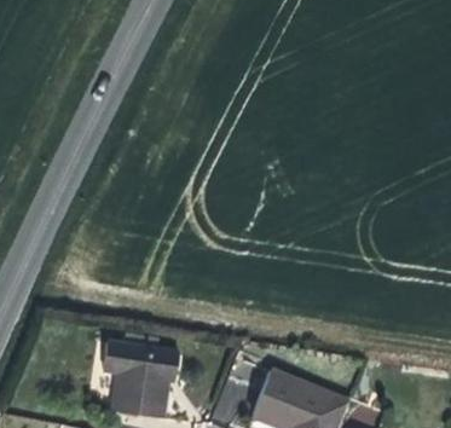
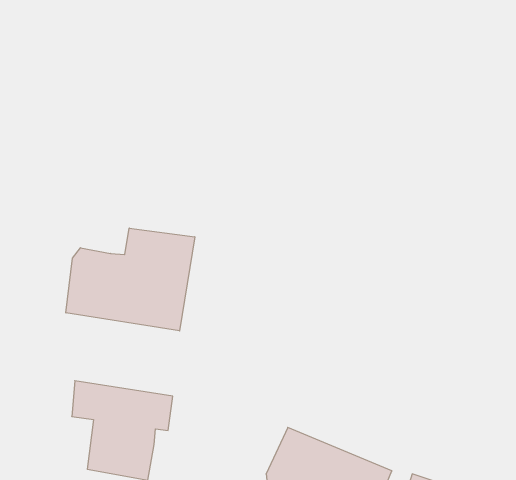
building: none -> [66,228,195,331]

